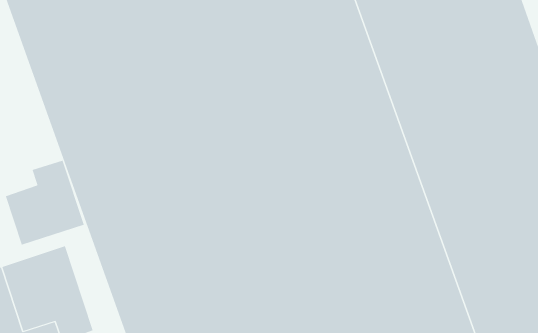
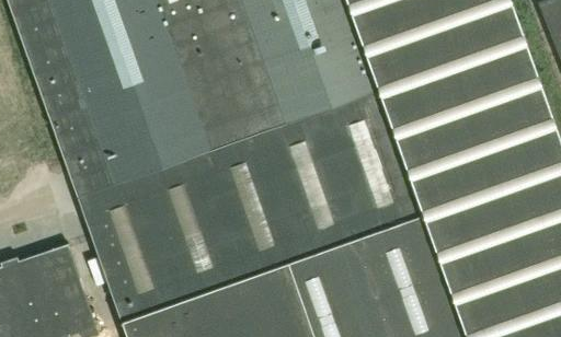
building: [5,160,84,246] -> none

